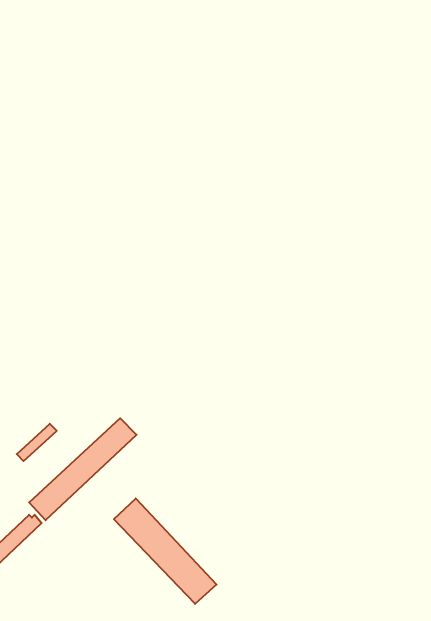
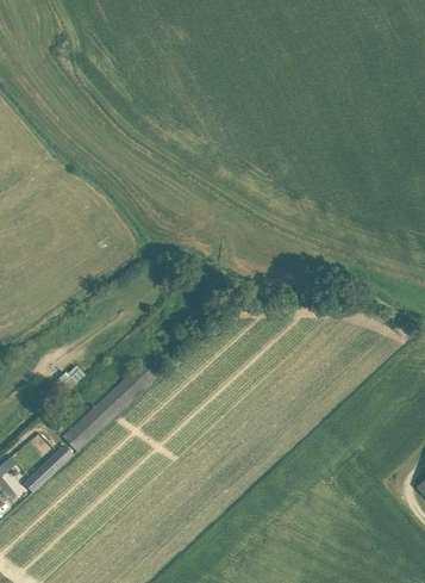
building: [114,498,217,604] -> none

